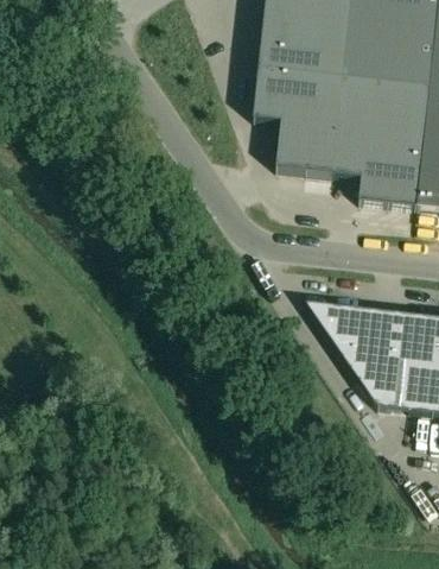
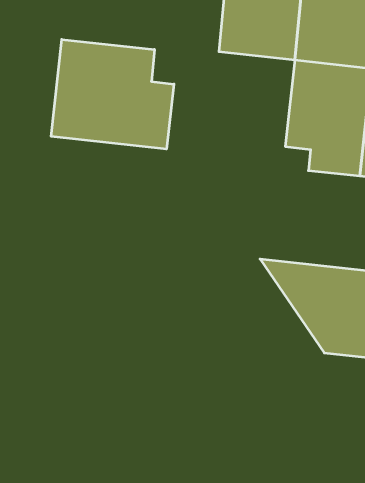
building: none -> [51,39,174,149]
building: [253,65,344,172] -> none

